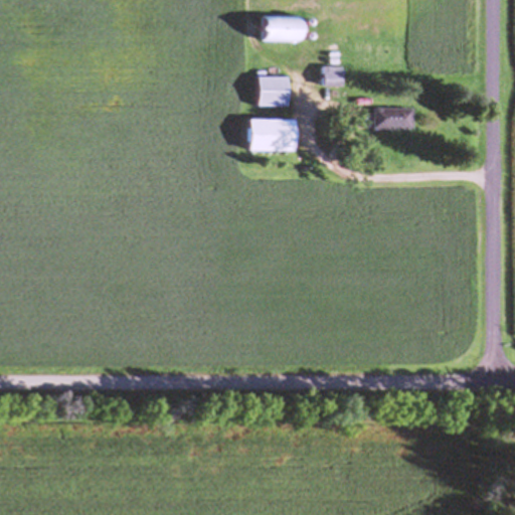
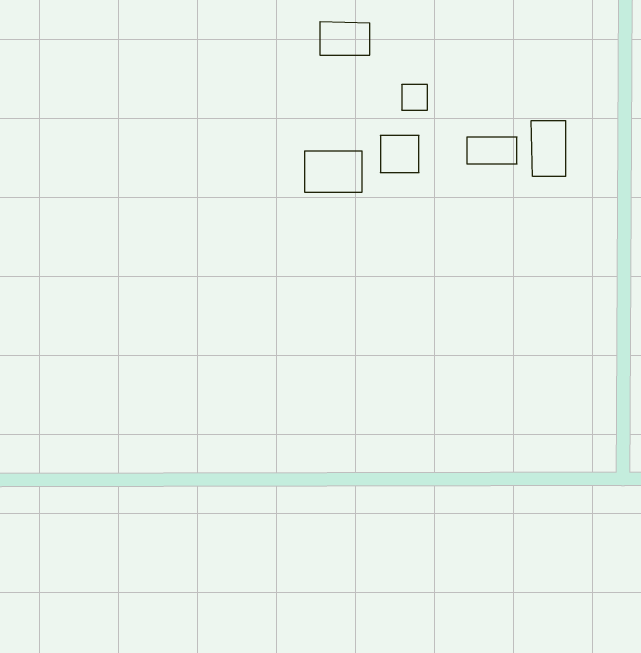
building: [259,76,289,106] -> [380,135,419,173]
building: none -> [531,121,566,176]

